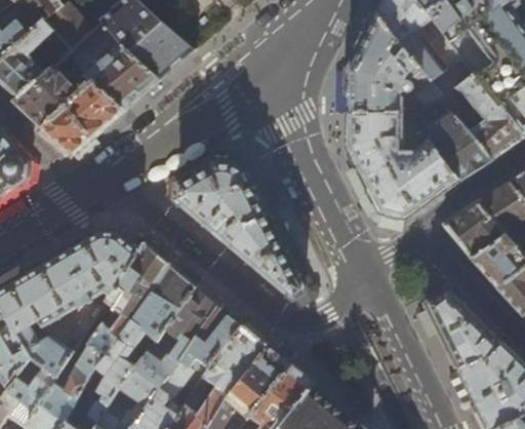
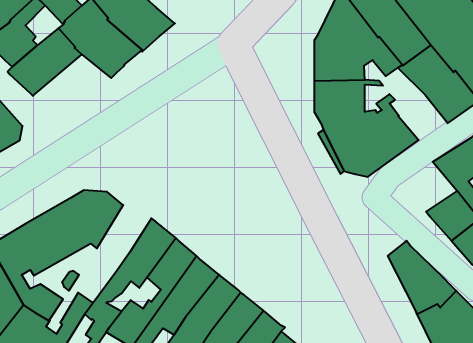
building: [39,86,124,156] -> none
building: [416,101,491,182] -> none
building: [174,164,302,300] -> none
building: [441,203,501,258] -> none
building: [86,242,168,357] -> none

